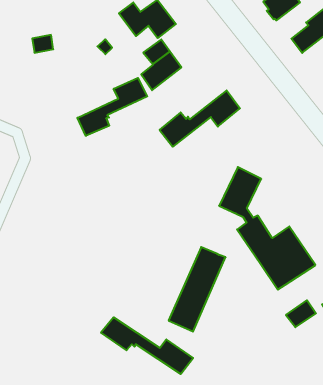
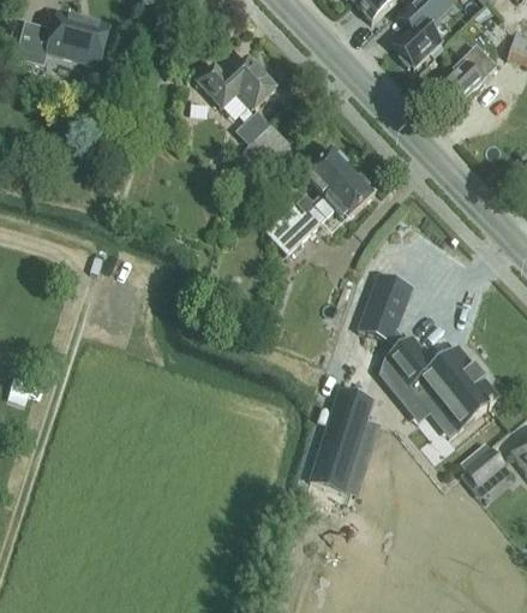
building: none -> [298,148,354,214]
building: [77,78,147,136] -> none
building: [101,317,193,374] -> none

